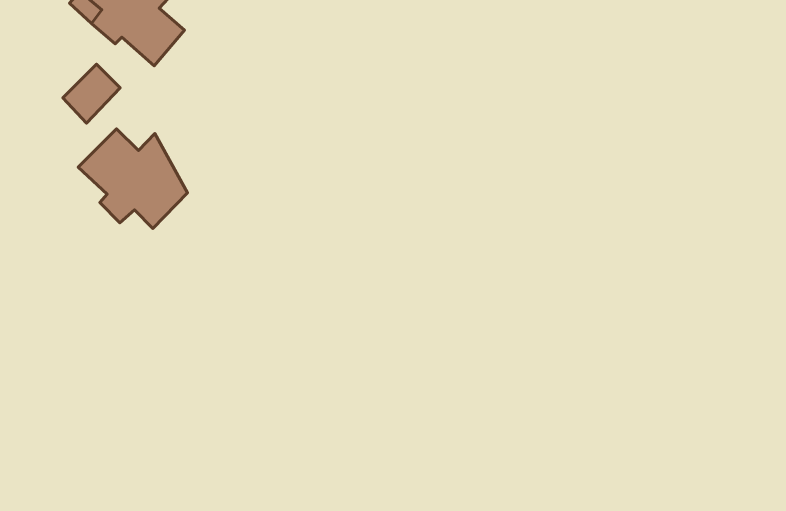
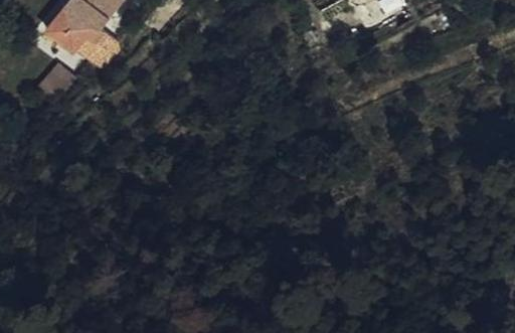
building: [78,129,188,229] -> none

